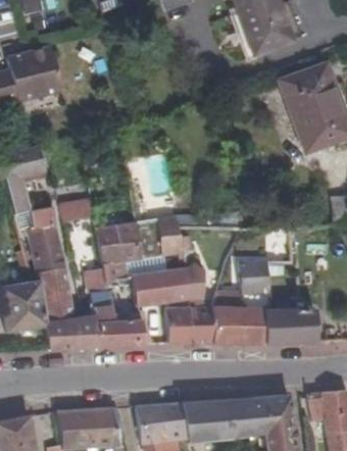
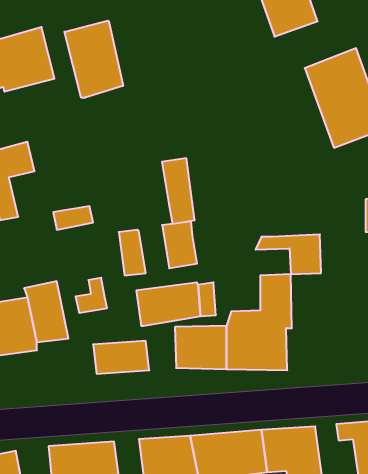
building: none -> [64,21,123,98]
building: [27,206,64,273] -> none
building: [97,224,126,282] -> [162,158,195,224]
building: [264,308,317,345] -> none
building: [47,314,99,349] -> none

